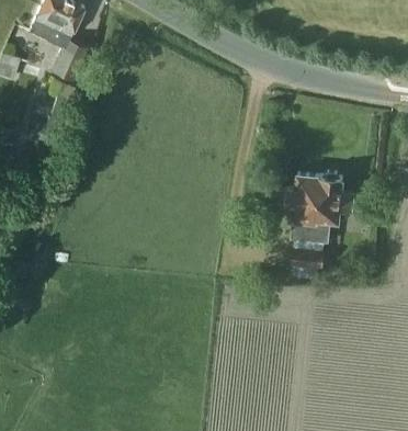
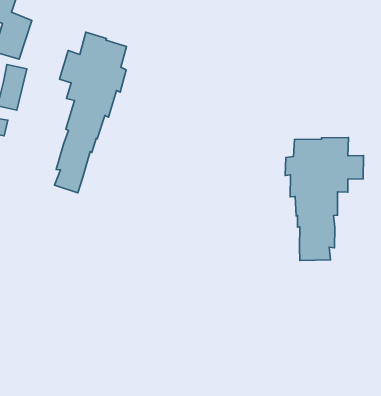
building: none -> [55,32,126,193]

